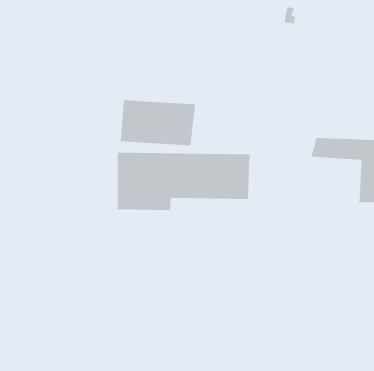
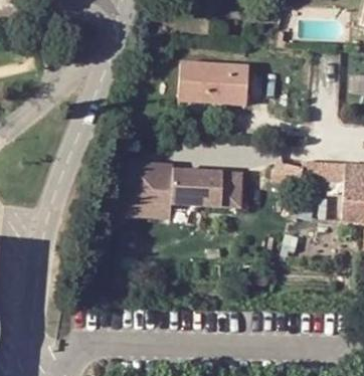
building: [120,99,196,146] -> [174,50,242,92]

